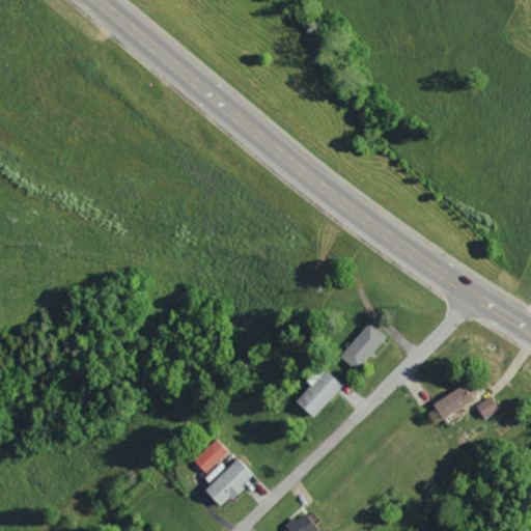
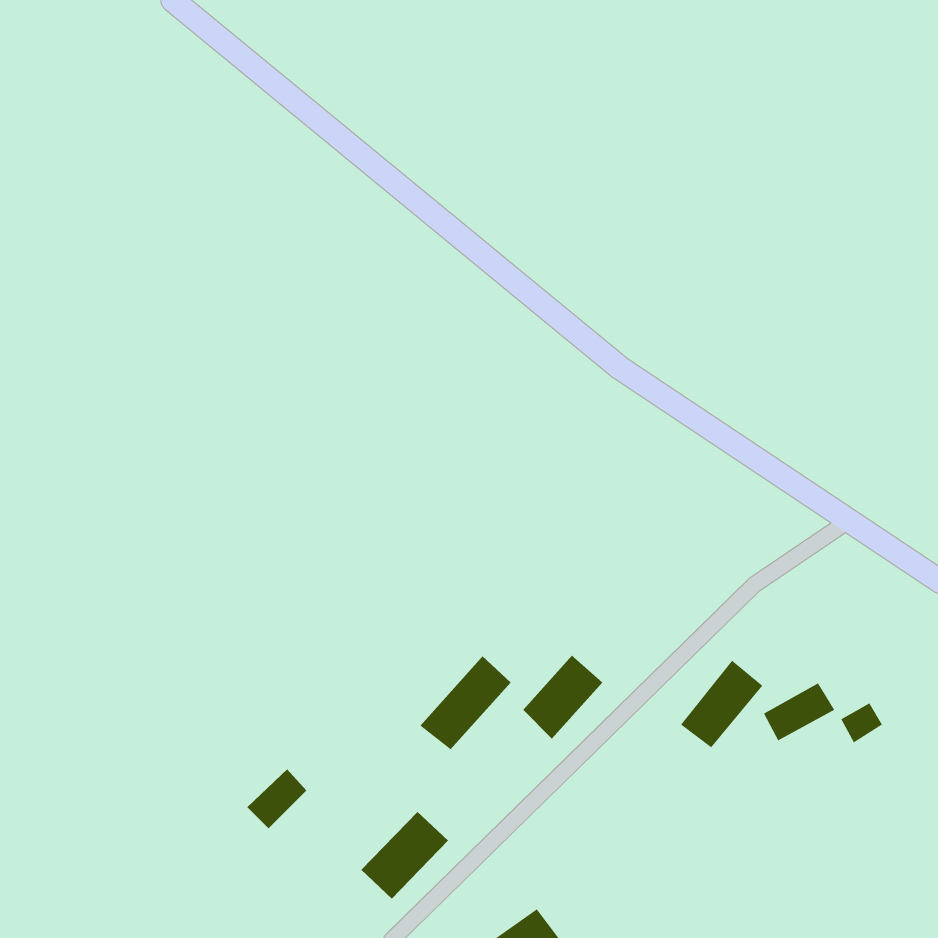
building: [339,322,386,371] -> [680,660,763,748]
building: none -> [419,656,512,750]
building: [194,440,228,474] -> [247,768,307,829]

